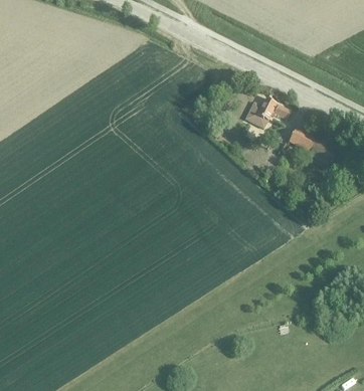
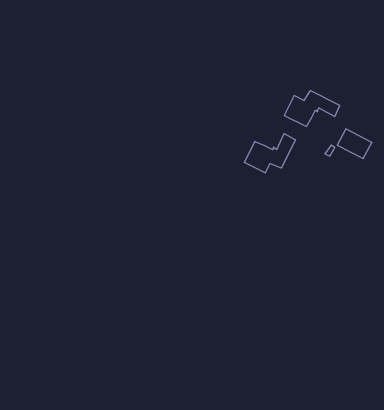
building: none -> [244,134,295,173]

